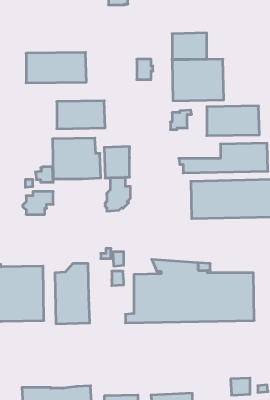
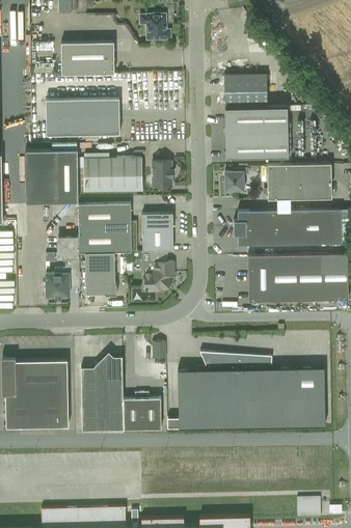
building: none -> [60,43,113,75]
building: [137,59,153,80] -> [153,162,172,187]
building: none -> [25,149,78,202]
building: none -> [233,211,284,228]
building: none -> [84,253,116,296]
building: none -> [123,392,161,429]

